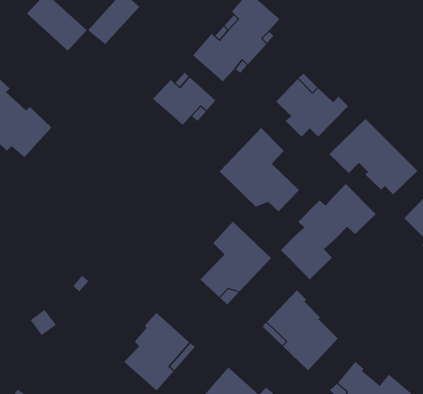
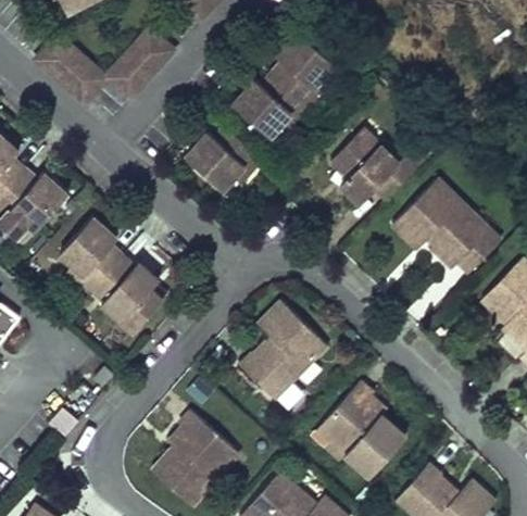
building: [219,127,300,212] -> none
building: none -> [59,209,167,327]
building: [280,183,376,280] -> none

